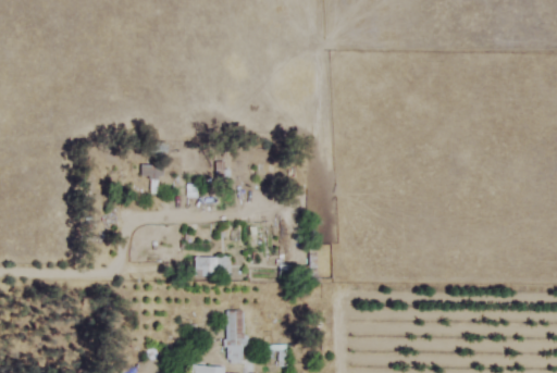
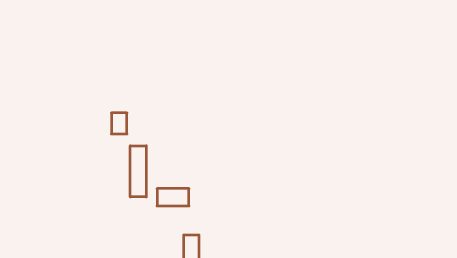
building: none -> [130,146,146,197]

